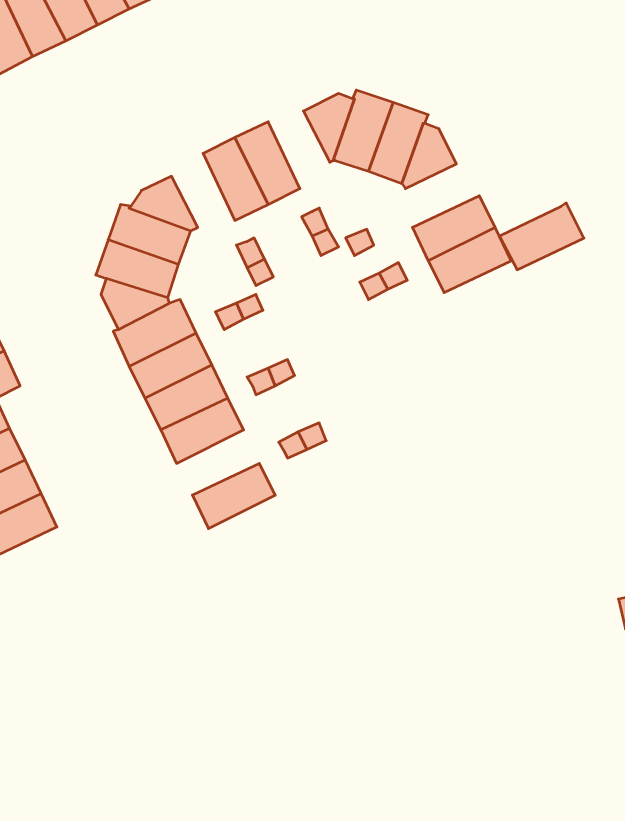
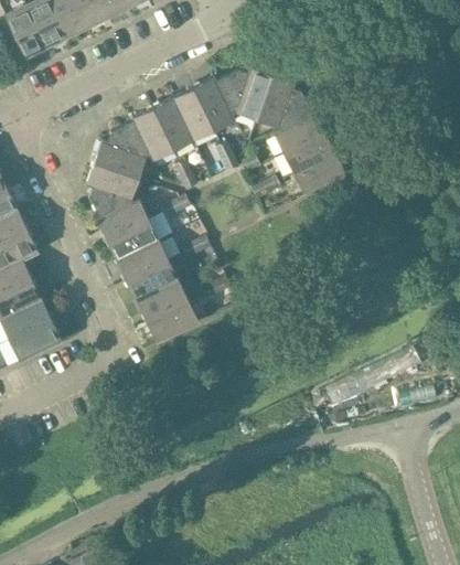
building: none -> [194,77,235,129]
building: none -> [132,107,173,159]
building: [499,203,584,270] -> [274,111,327,153]
building: none -> [137,280,189,321]

